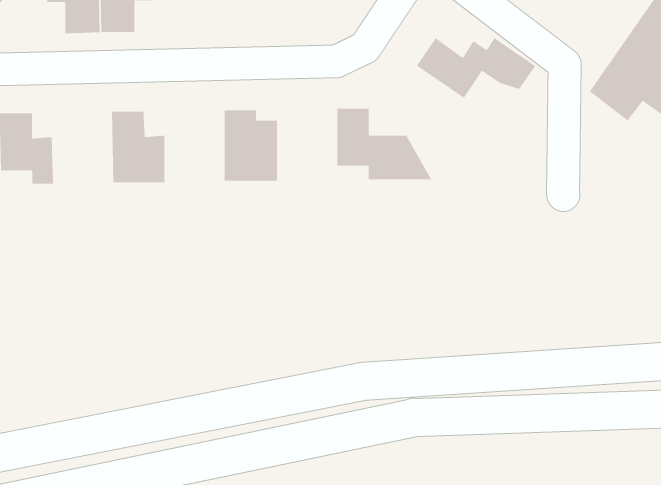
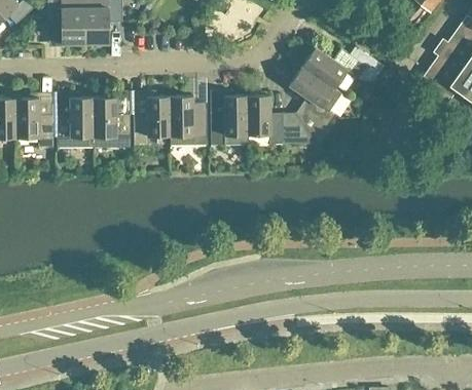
building: none -> [289,66,341,144]
building: none -> [210,94,247,145]
building: none -> [133,95,170,146]
building: none -> [57,96,94,147]

